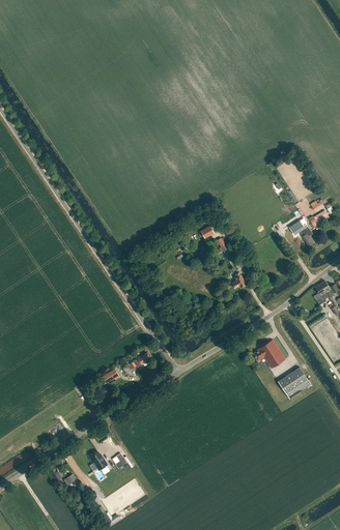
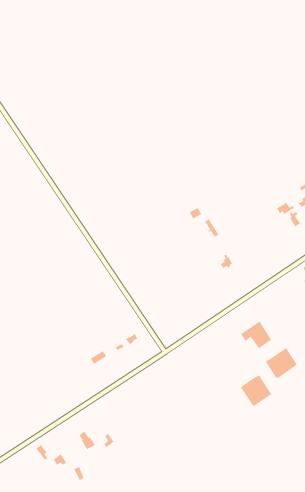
building: none -> [240,374,272,407]

